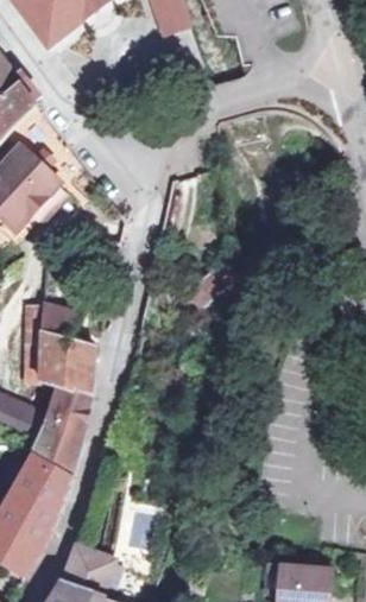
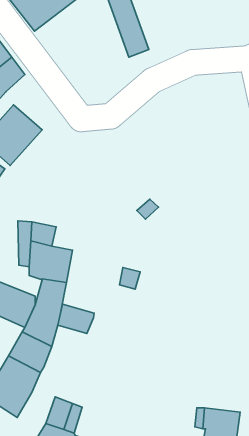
building: none -> [58,304,94,333]

